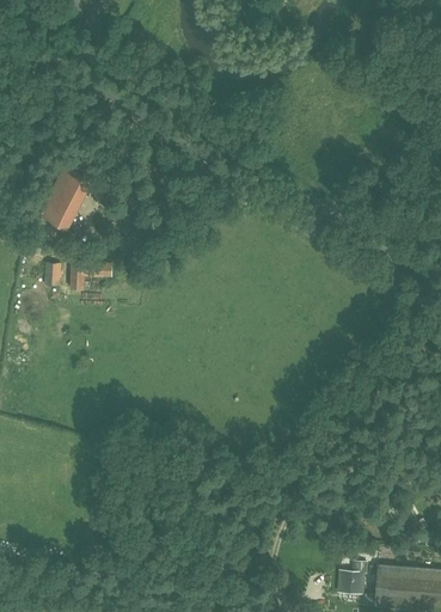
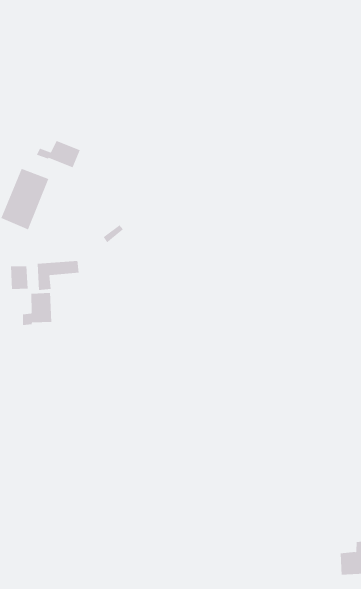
building: none -> [36,140,80,168]
building: none -> [22,292,52,326]

